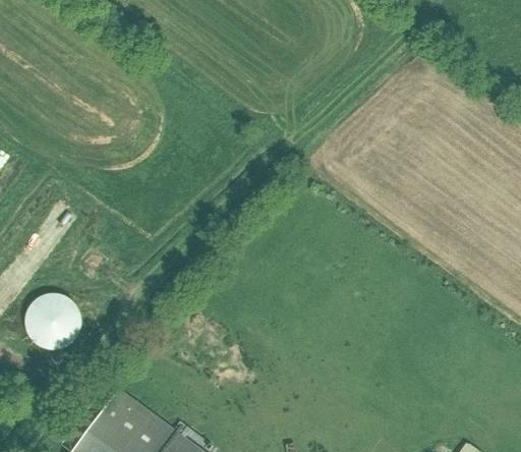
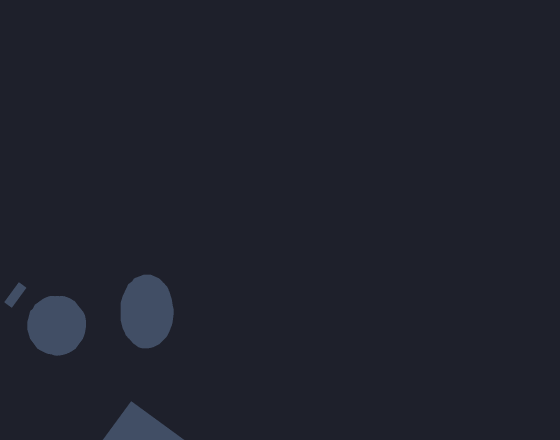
building: none -> [120,274,174,349]

